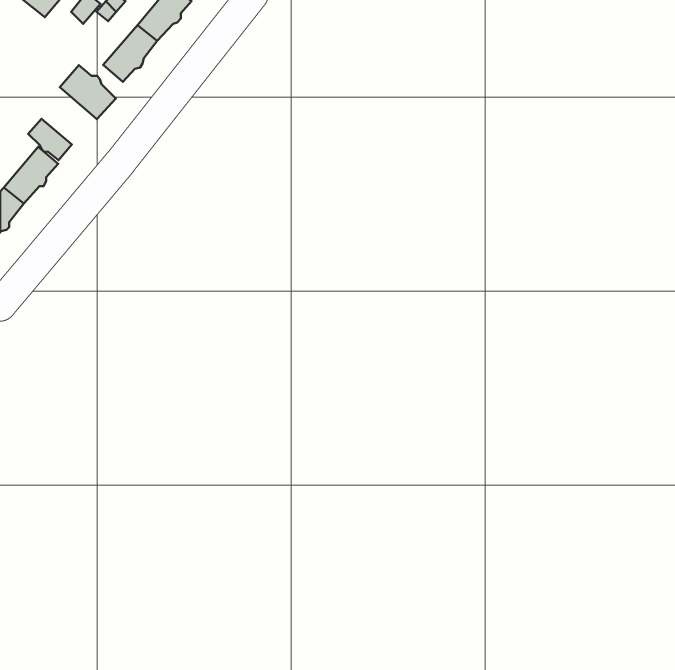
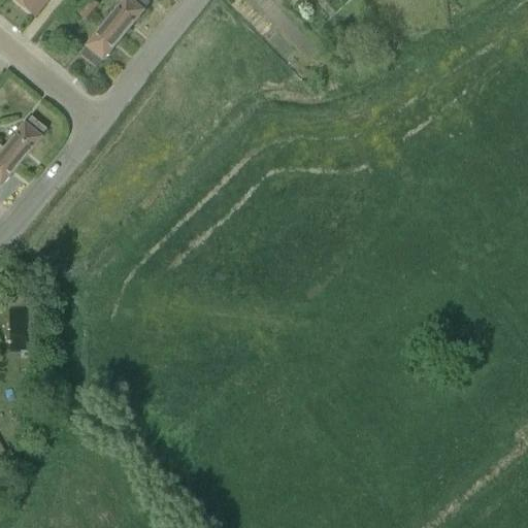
building: [60,65,116,119] -> none
building: [28,119,72,160] -> none

